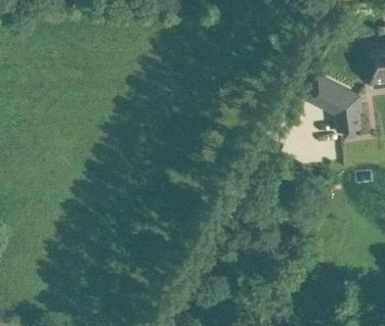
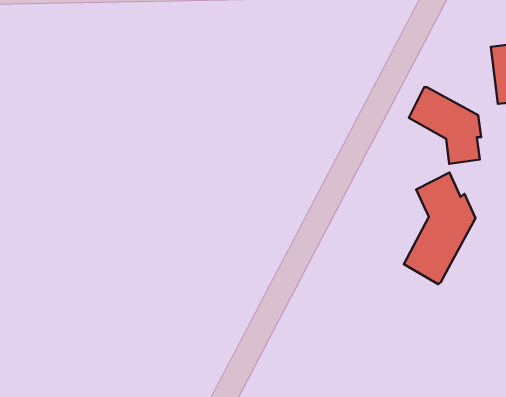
building: none -> [404,172,475,284]

